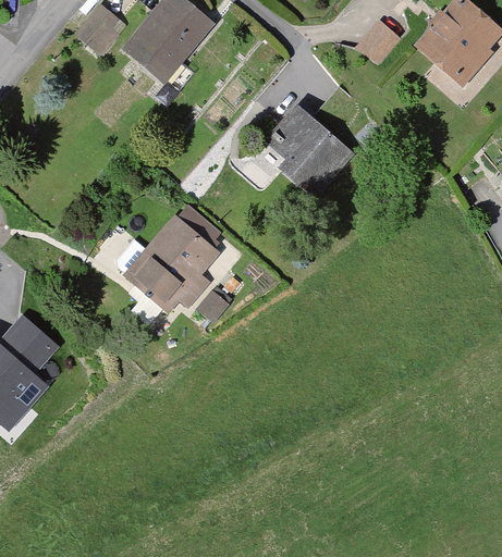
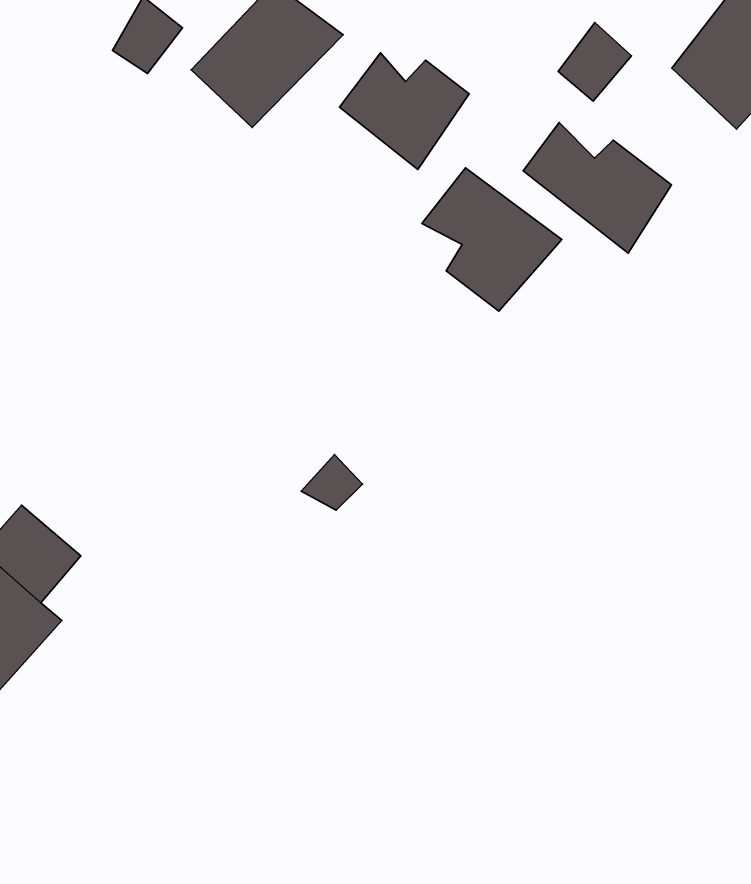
building: none -> [340,53,469,169]
building: none -> [523,123,672,253]
building: [128,208,226,309] -> none

